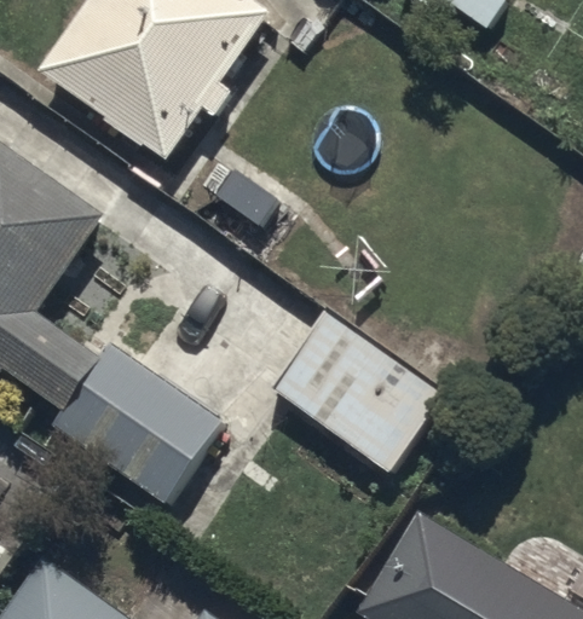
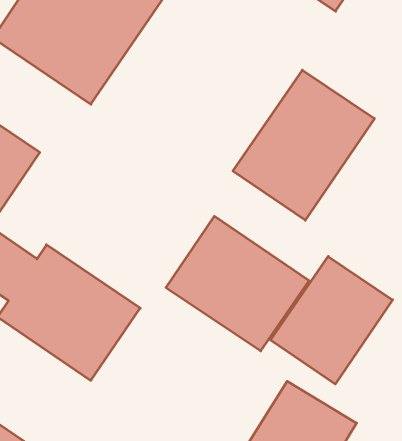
building: none -> [233,70,374,220]
building: none -> [271,256,393,384]

